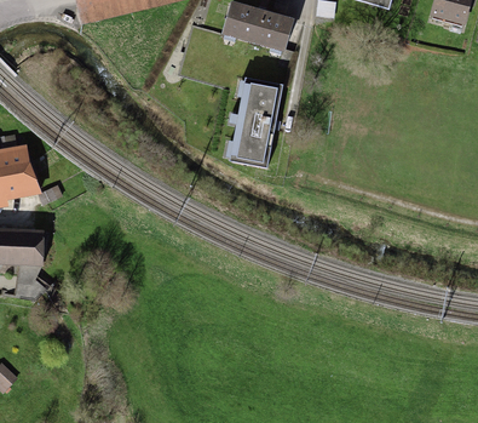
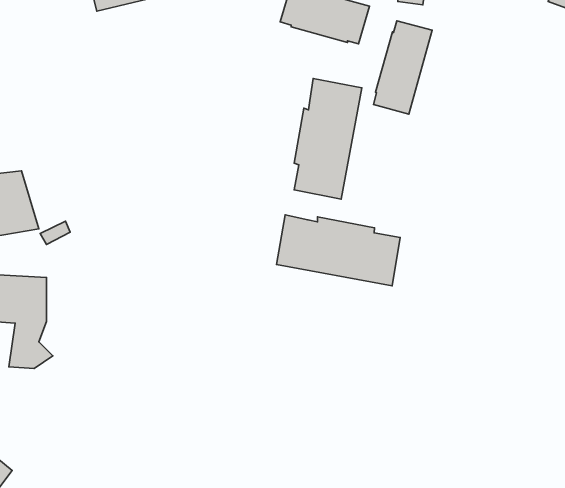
building: none -> [373,21,432,114]
building: none -> [277,215,400,286]

